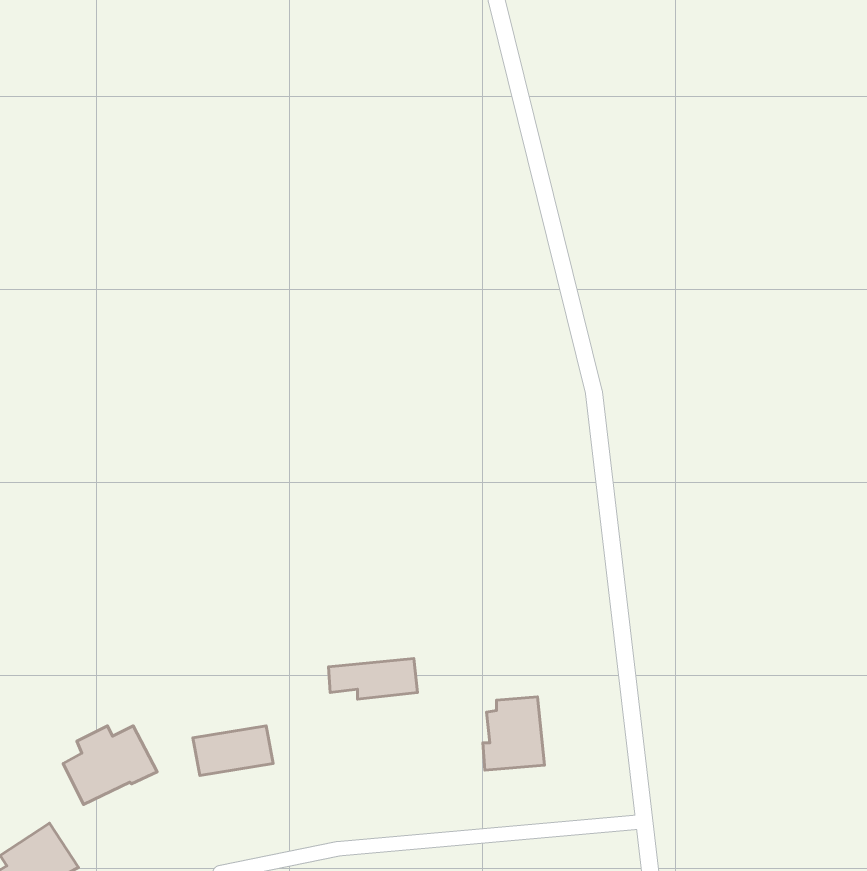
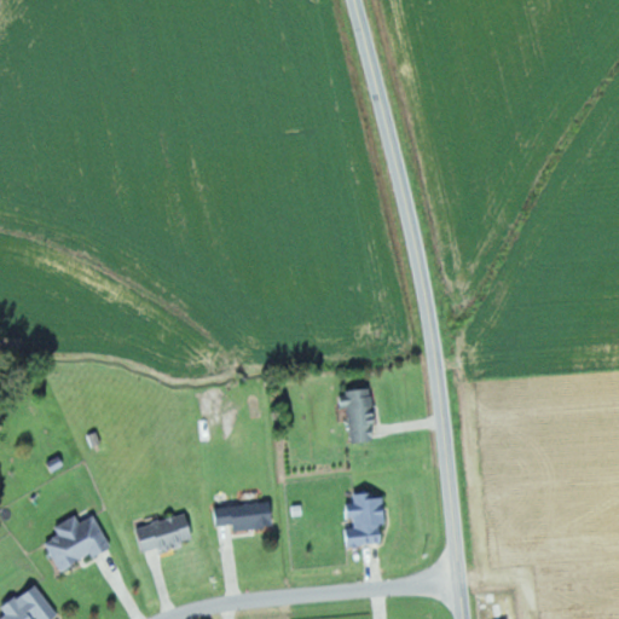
building: none -> [336,389,376,446]
building: [329,658,417,699] -> [212,502,274,531]

